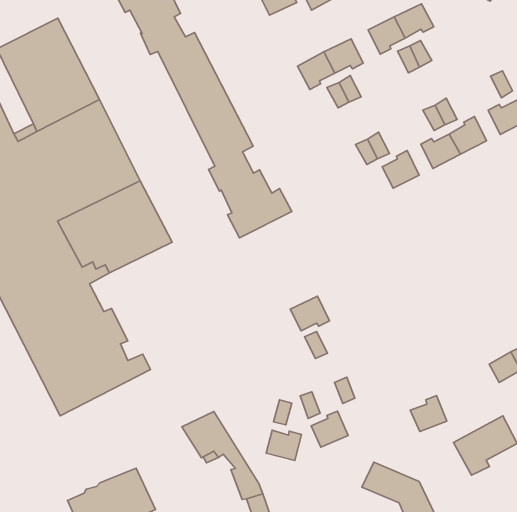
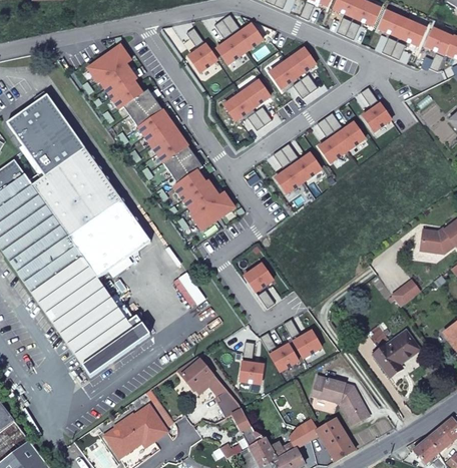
building: none -> [274,166,303,192]
building: [410,396,447,432] -> [293,330,320,357]

